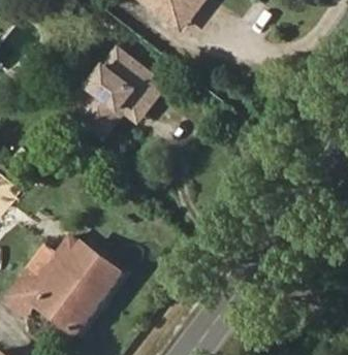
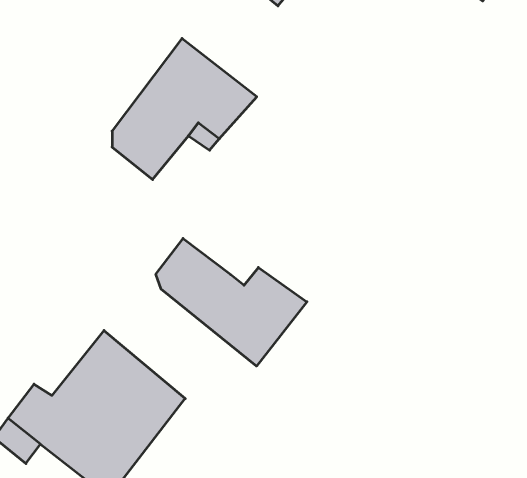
building: none -> [156,238,307,366]

